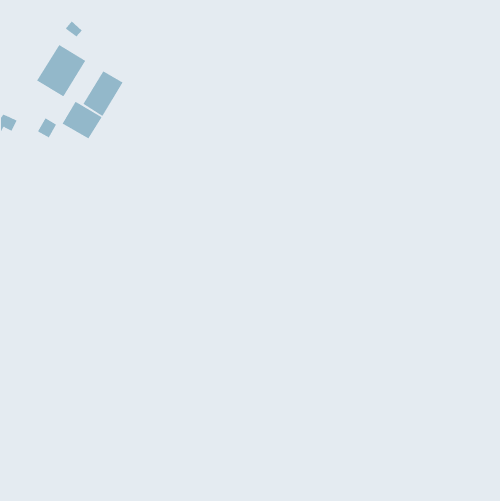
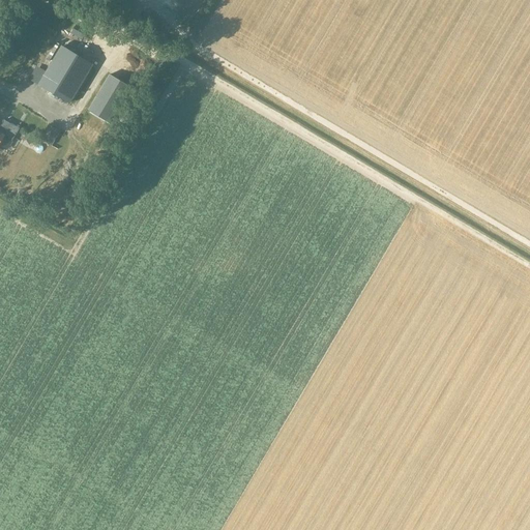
building: [62,101,102,139] -> none

